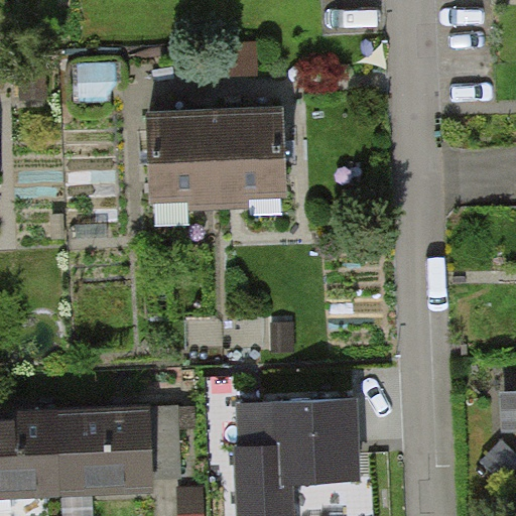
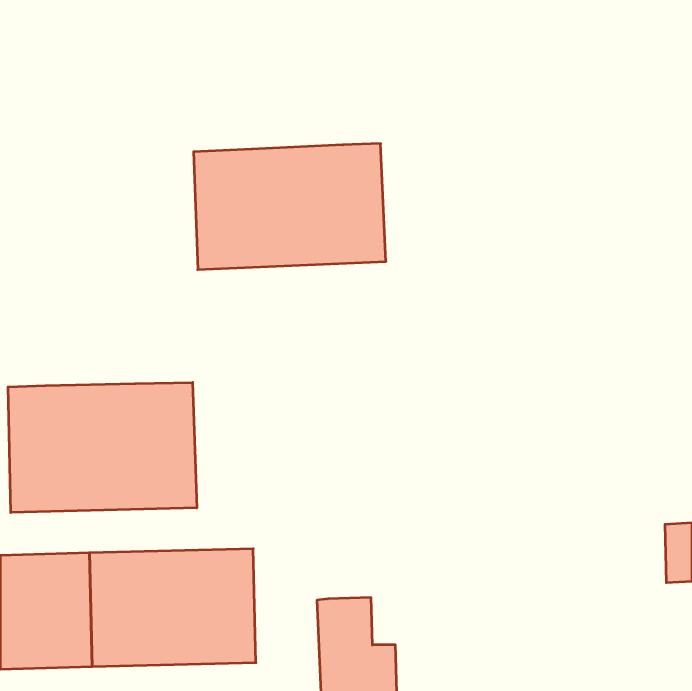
building: none -> [8,382,197,513]
building: [242,401,358,481] -> none

